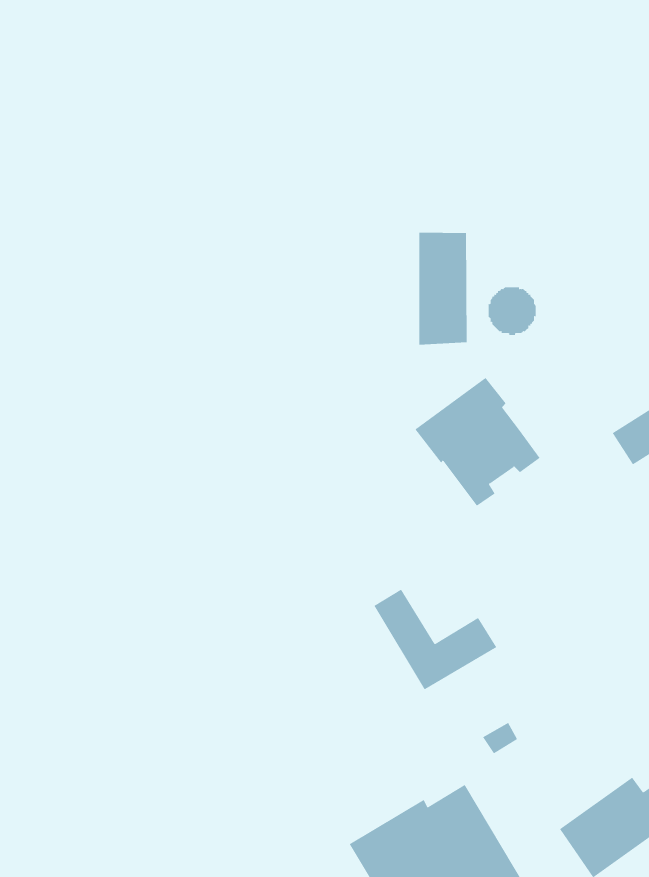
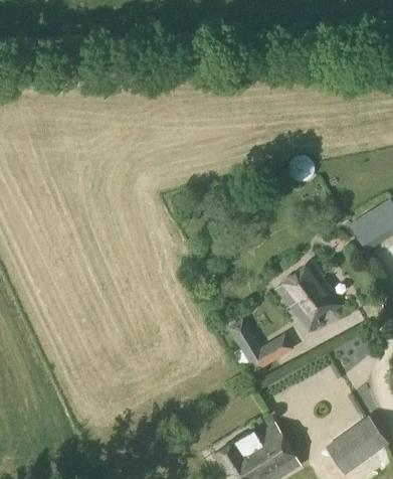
building: [419,232,467,346] -> none
building: [415,377,540,507] -> [274,261,342,330]

